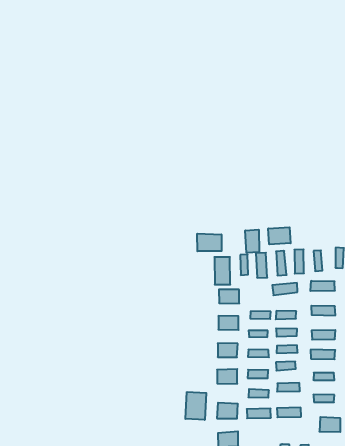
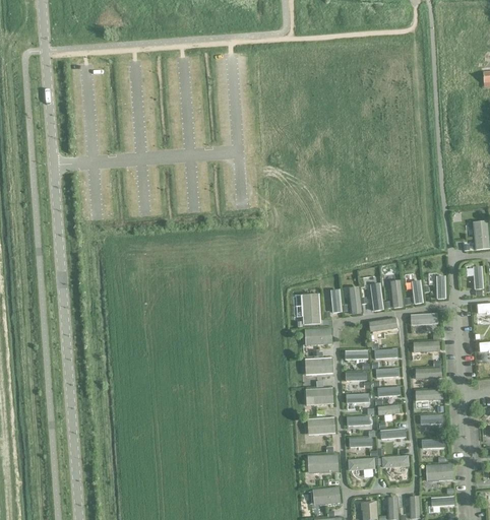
building: [268,227,291,244] -> none
building: [245,230,259,253] -> none
building: [197,234,222,251] -> none
building: [185,392,206,420] -> none

